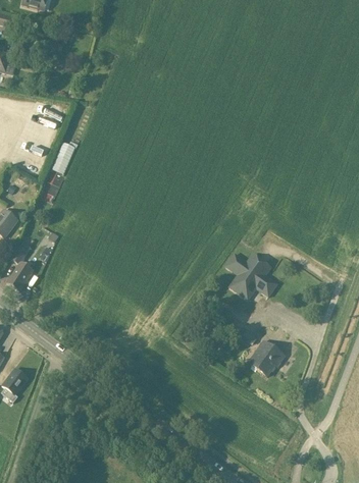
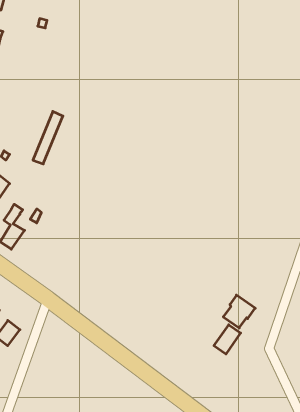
building: [225,253,277,299] -> none
building: none -> [214,325,241,354]

